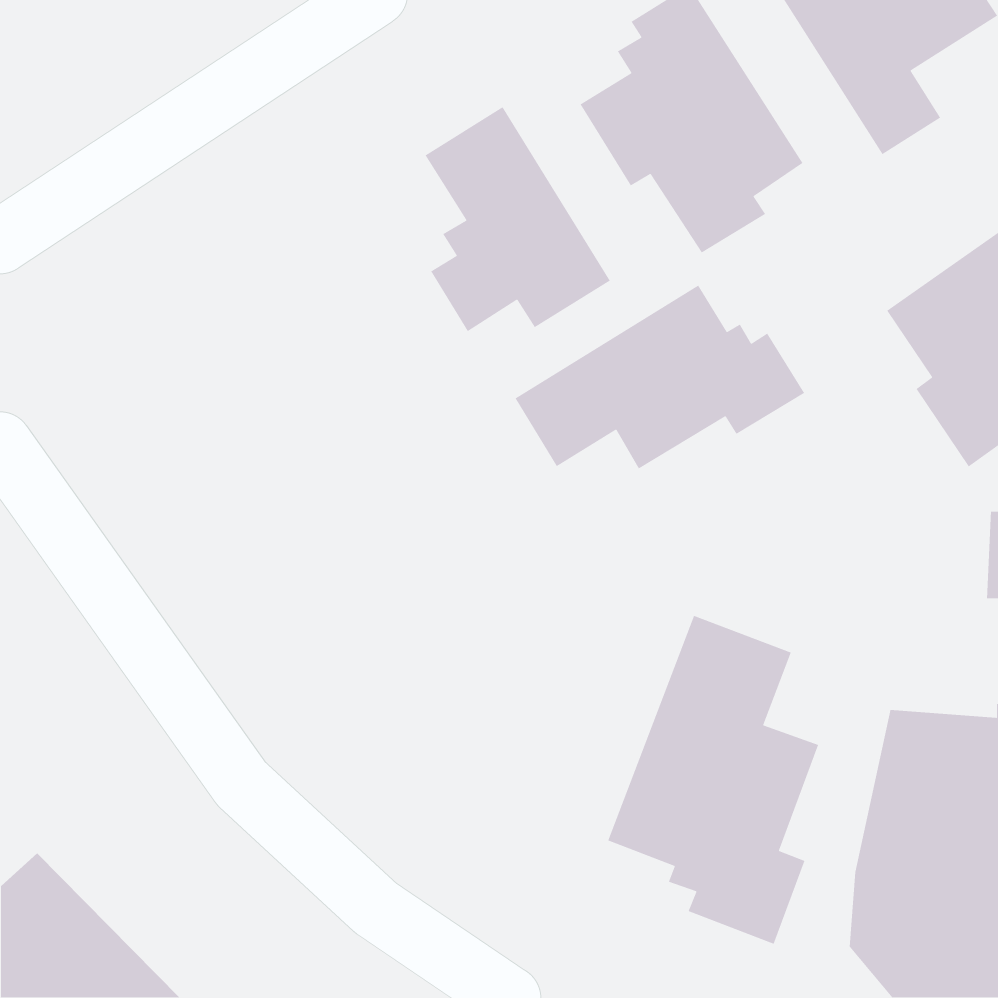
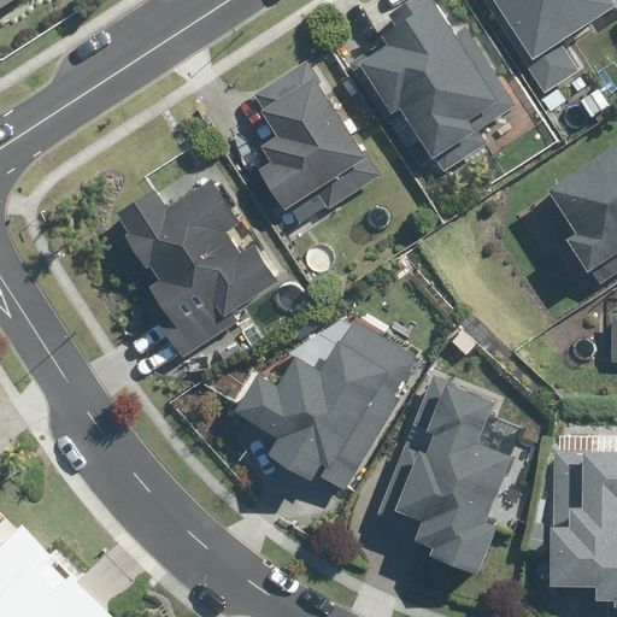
building: [514,284,805,469] -> none
building: none -> [119,178,280,359]
building: none -> [235,322,415,492]

